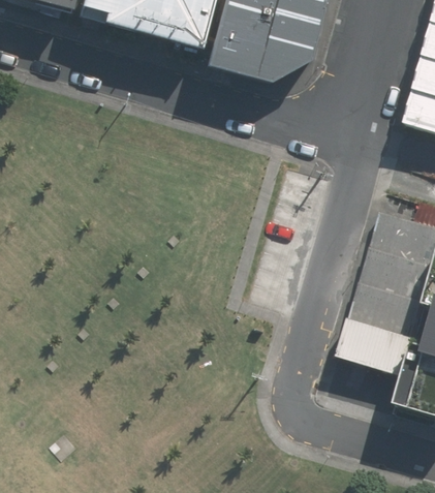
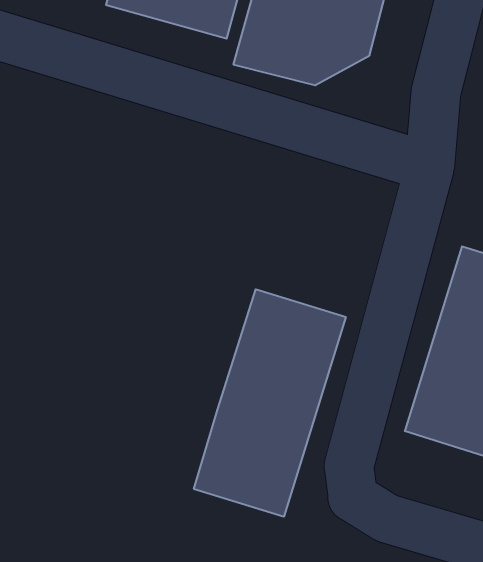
building: none -> [194,289,346,517]

